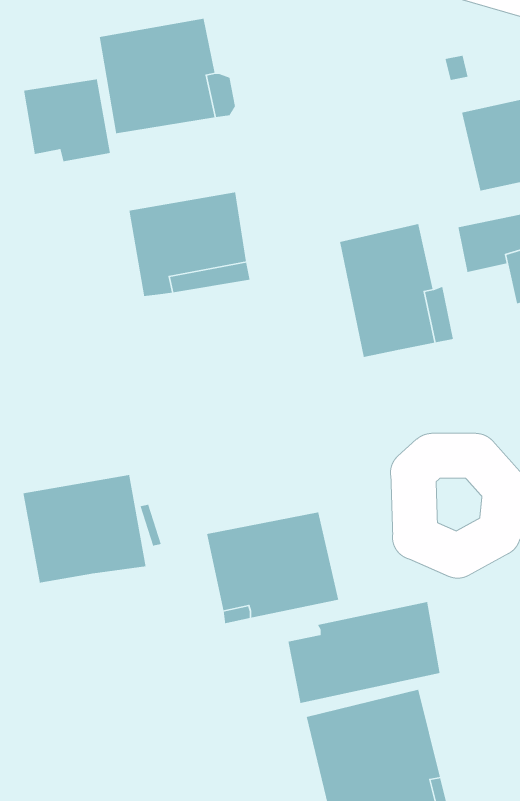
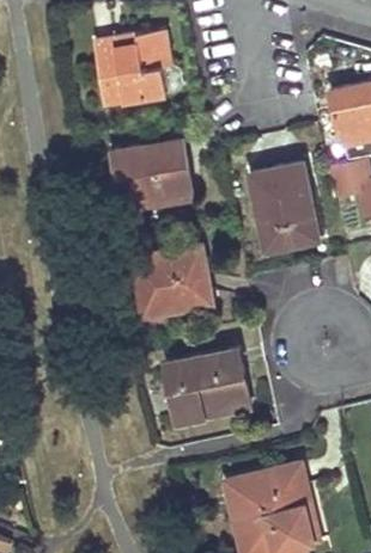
building: [23,78,111,162] -> none
building: [23,474,146,583] -> [132,245,212,315]
building: [287,601,441,704] -> none

